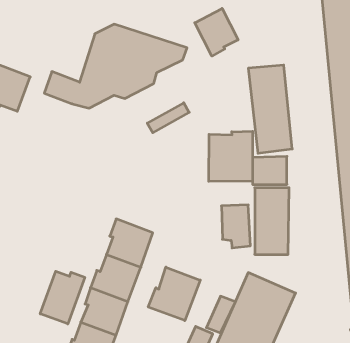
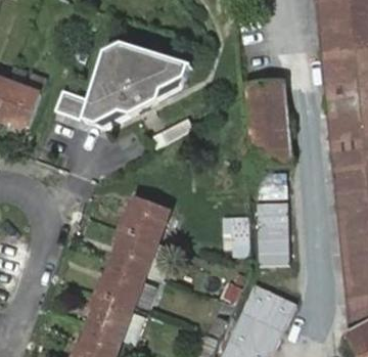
building: [195,8,238,56] -> none
building: [209,131,253,181] -> none
building: none -> [123,196,170,241]
building: [148,267,200,321] -> none
building: [40,271,85,324] -> none

